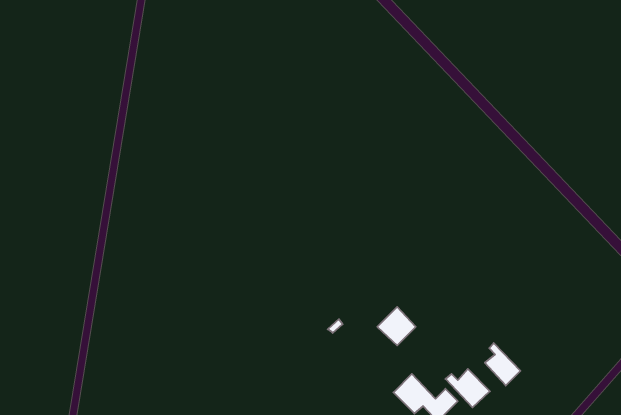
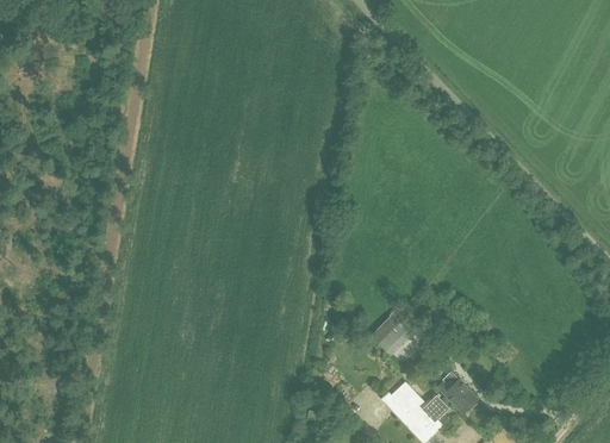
building: [485,343,520,386] -> none

